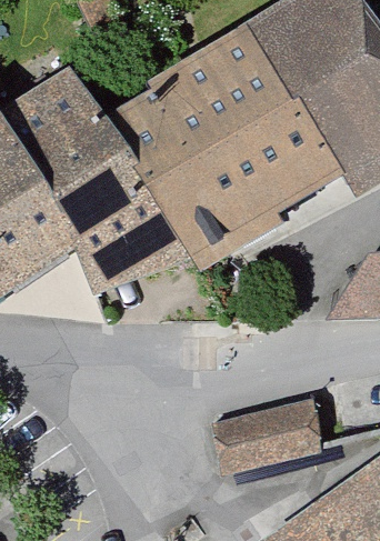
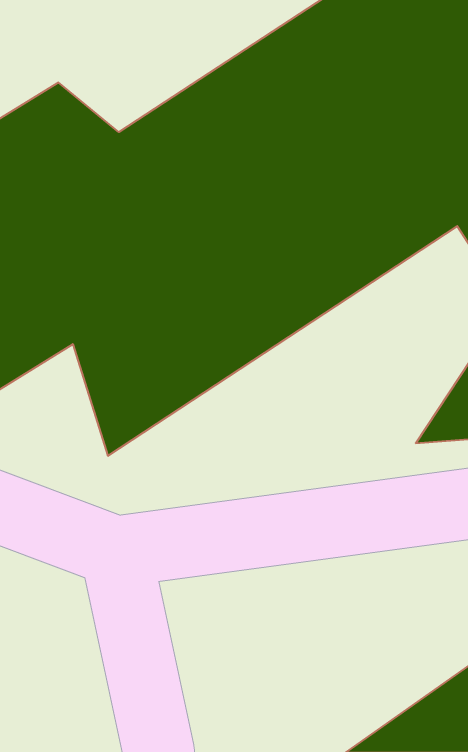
building: [207,405,323,481] -> none

